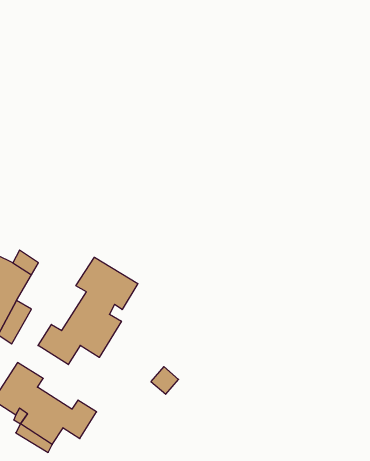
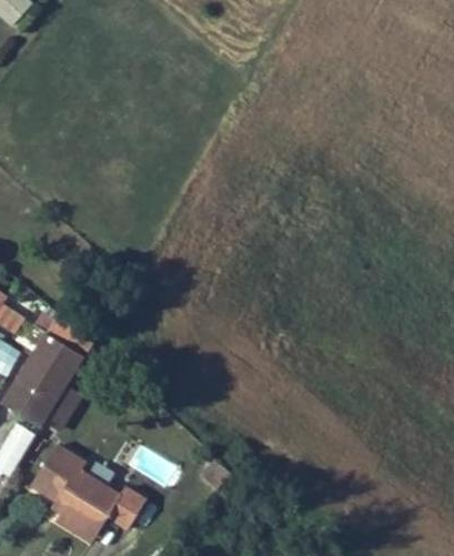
building: [38,257,138,365] -> none

